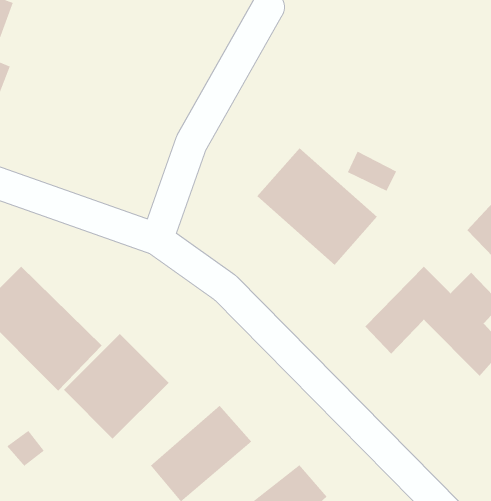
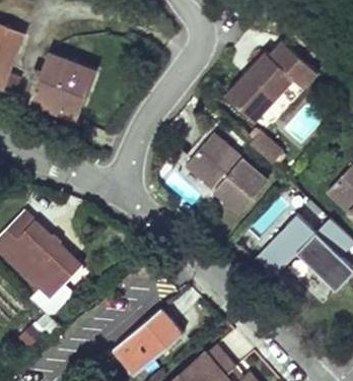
building: none -> [228,38,321,119]
building: none -> [29,56,92,120]
building: [63,333,169,440] -> none

